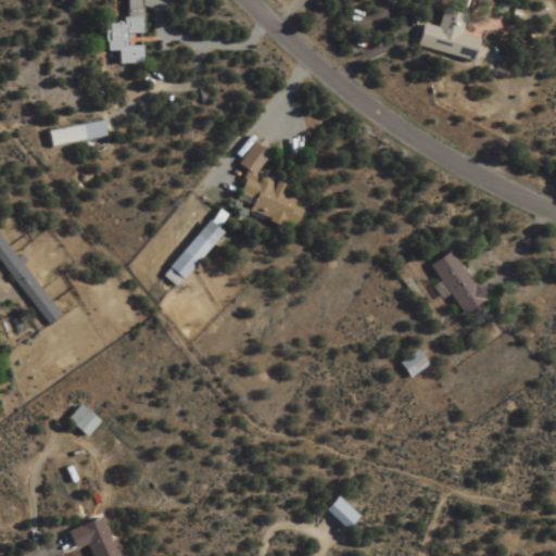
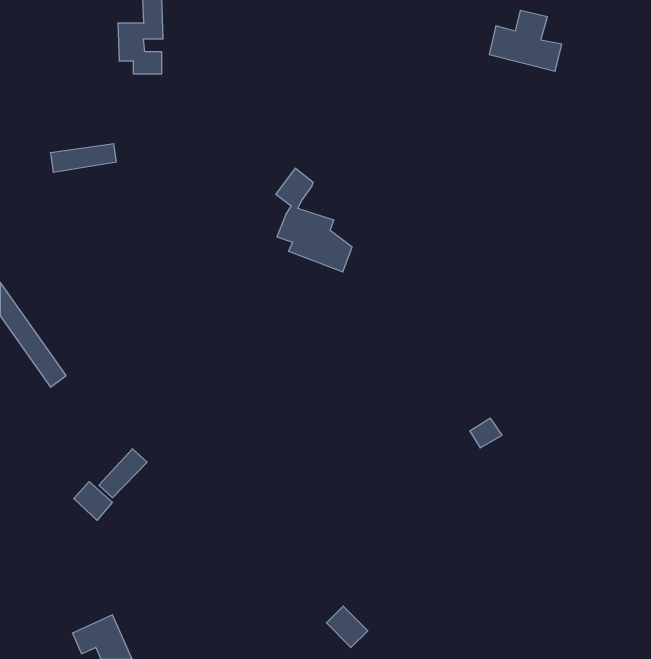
building: [165,219,224,286] -> none
building: [431,250,486,313] -> none
building: none -> [99,449,147,498]
building: [326,495,361,530] -> [326,606,368,648]

